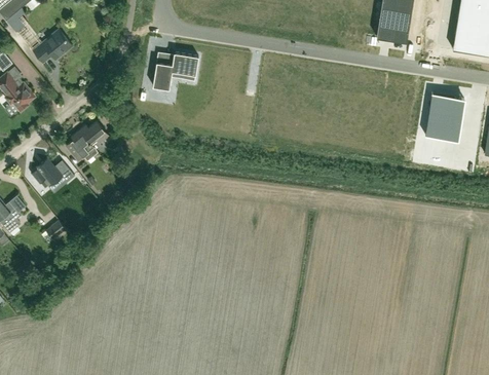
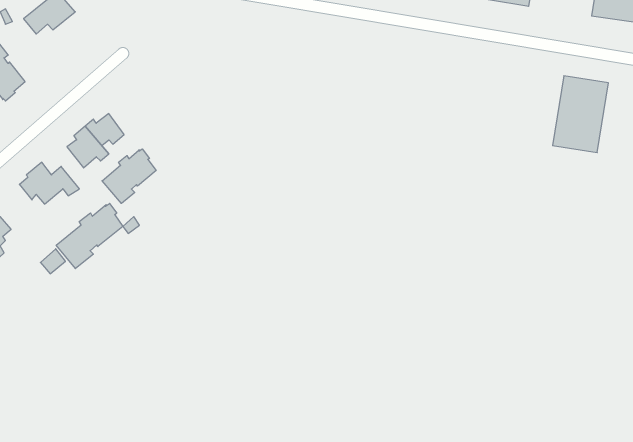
building: [152,52,198,89] -> none
building: none -> [102,149,156,203]
building: none -> [56,203,123,269]

